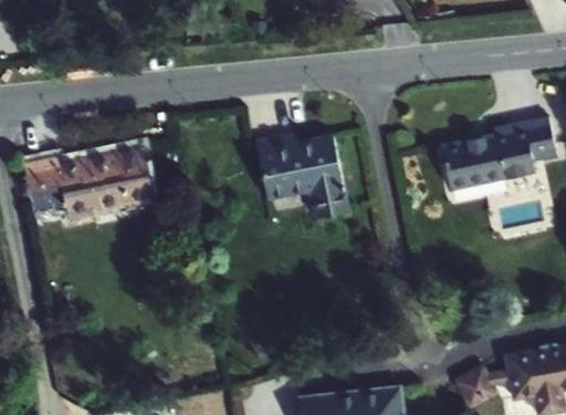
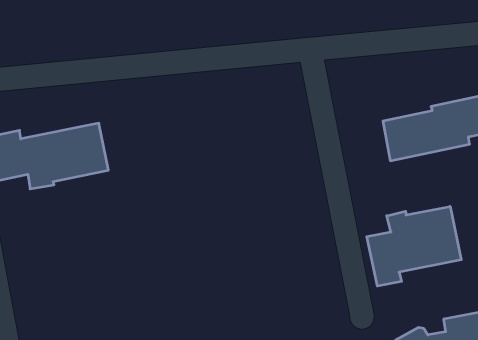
building: [256,135,349,219] -> none
building: none -> [367,206,461,286]

